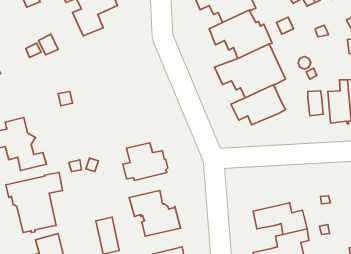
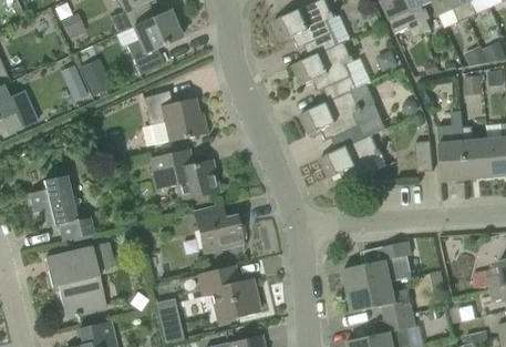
building: none -> [142,89,205,144]
building: none -> [147,147,218,198]
building: none -> [343,241,412,289]

